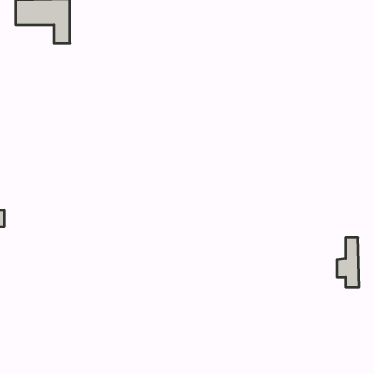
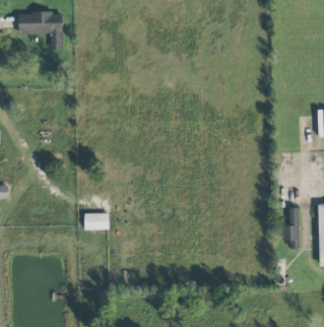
building: none -> [84,212,109,228]

